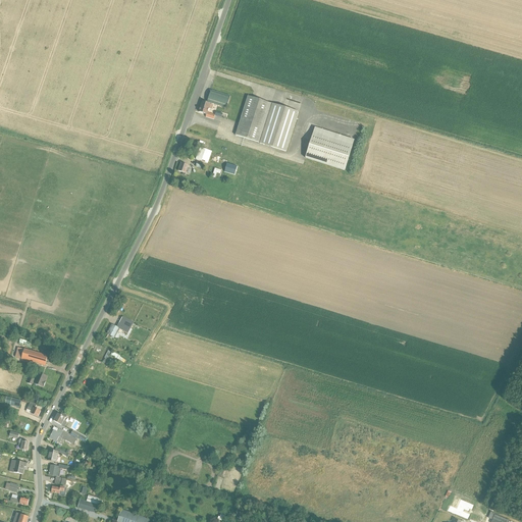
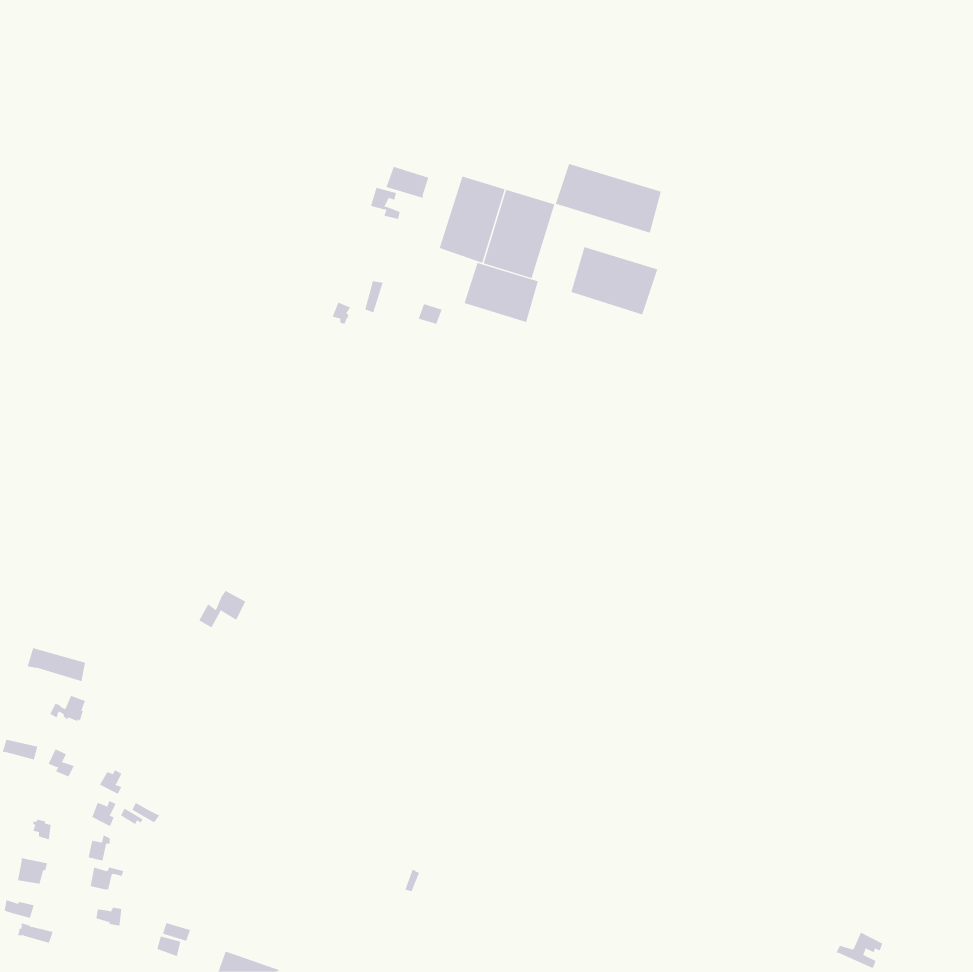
building: none -> [555,163,662,234]
building: none -> [464,262,539,323]

